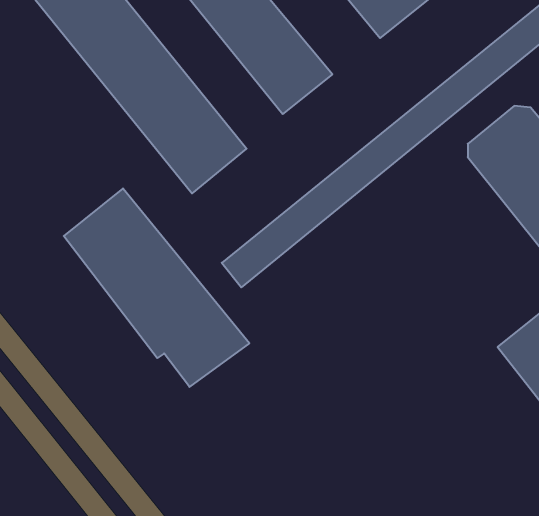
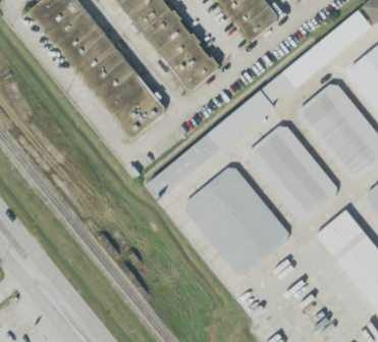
building: none -> [249,125,337,221]
building: [64,188,249,387] -> none
building: none -> [187,167,292,274]

